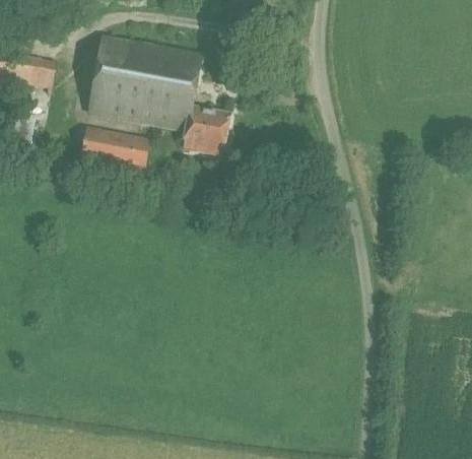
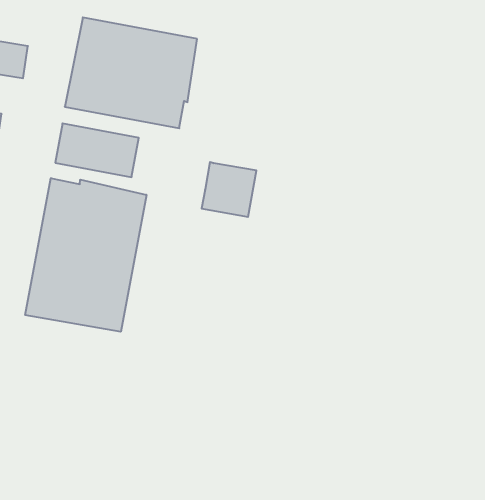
building: [182,107,228,153] -> [202,162,256,217]
building: none -> [25,178,146,332]

